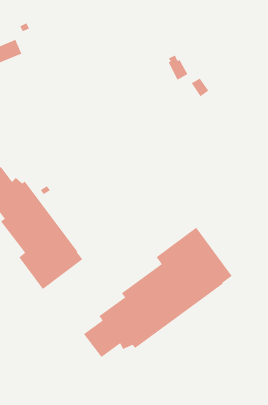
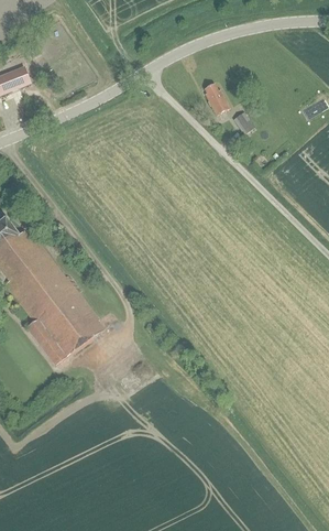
building: [83,227,232,358] -> none

